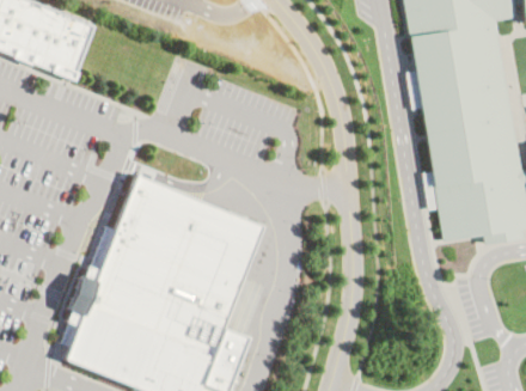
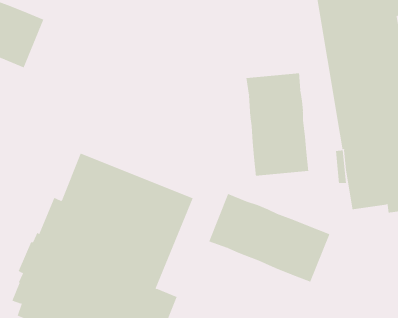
building: none -> [246,72,309,177]
building: none -> [209,193,330,283]

